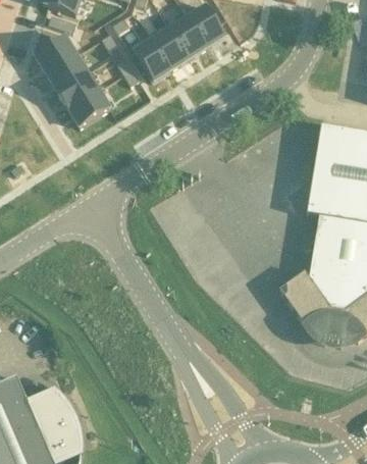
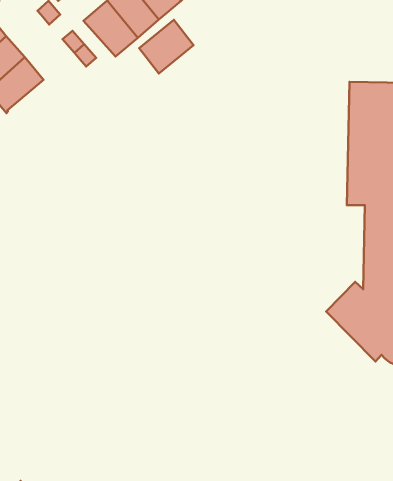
building: none -> [139,20,194,74]
building: [68,88,110,124] -> none

